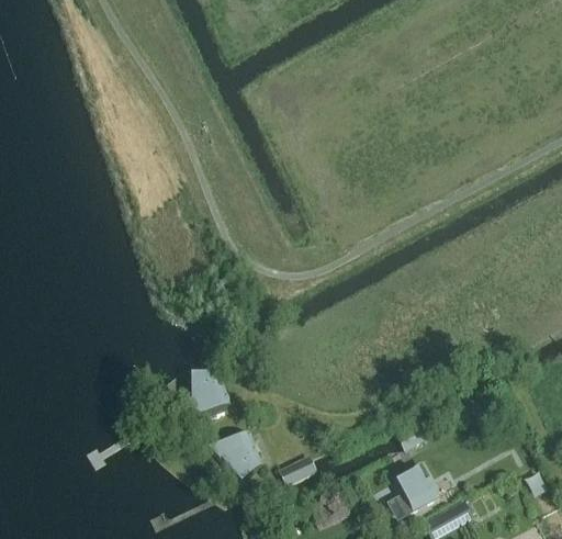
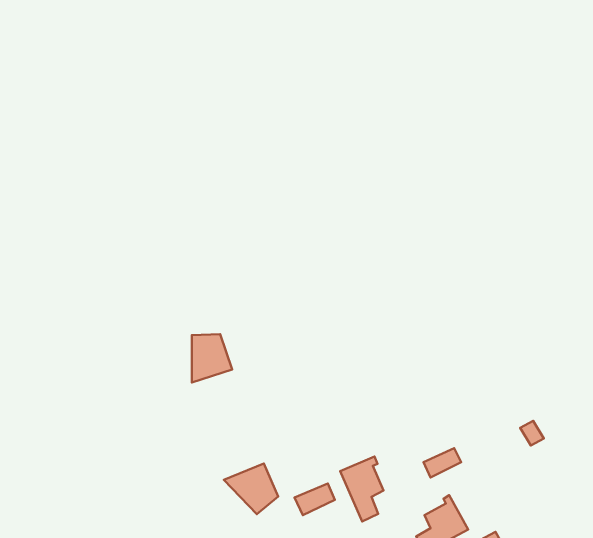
building: [192,372,229,417] -> [192,334,232,382]
building: none -> [340,457,383,521]

